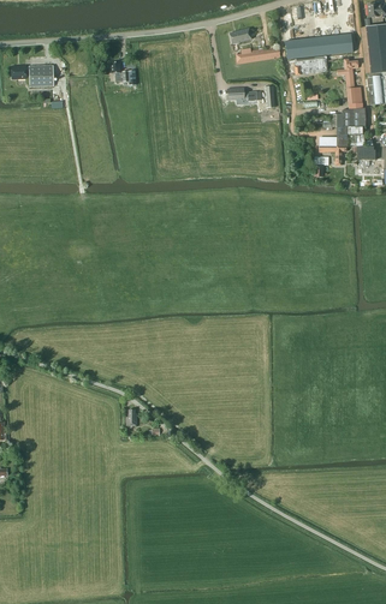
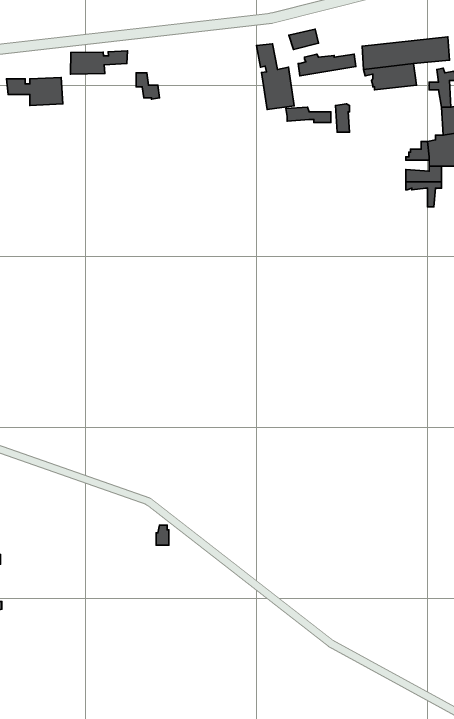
building: none -> [256,44,294,109]
building: none -> [71,51,128,74]

